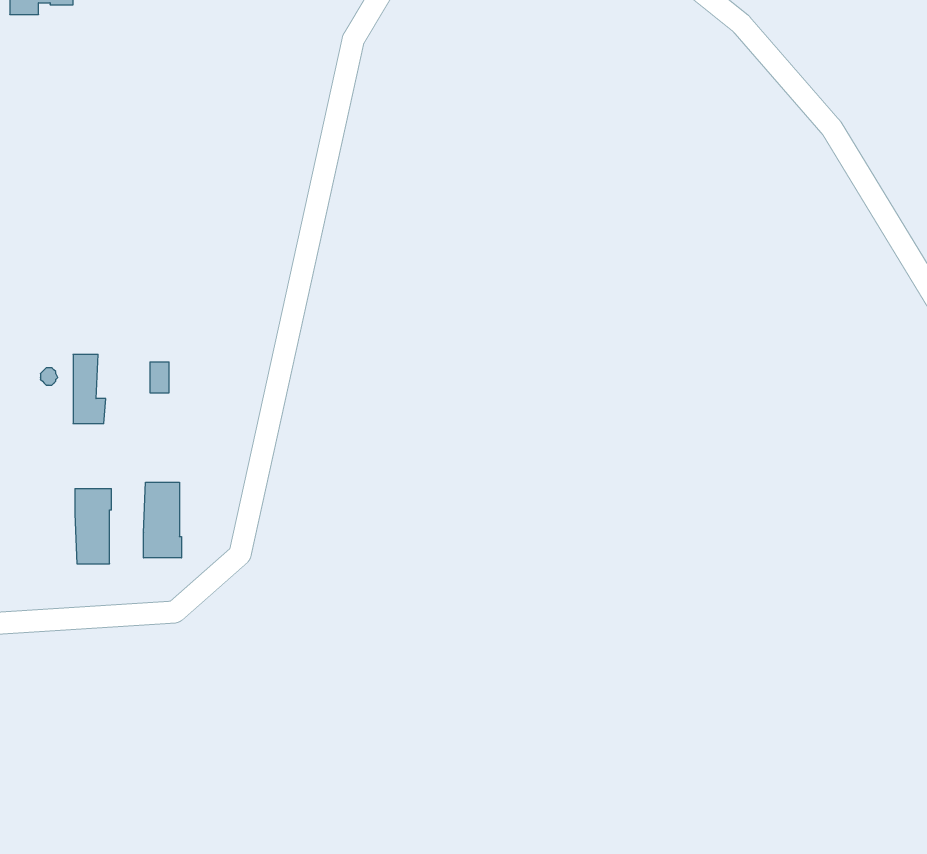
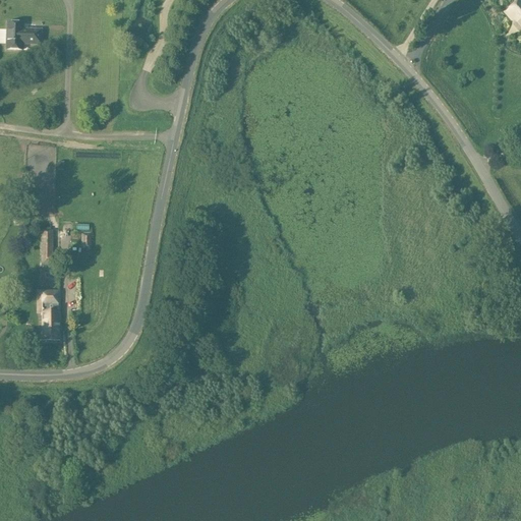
building: [144,482,181,558] -> none

